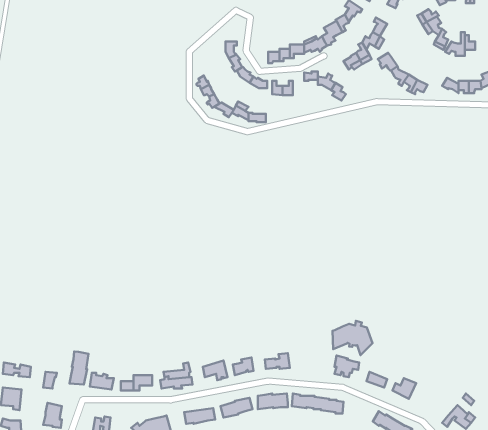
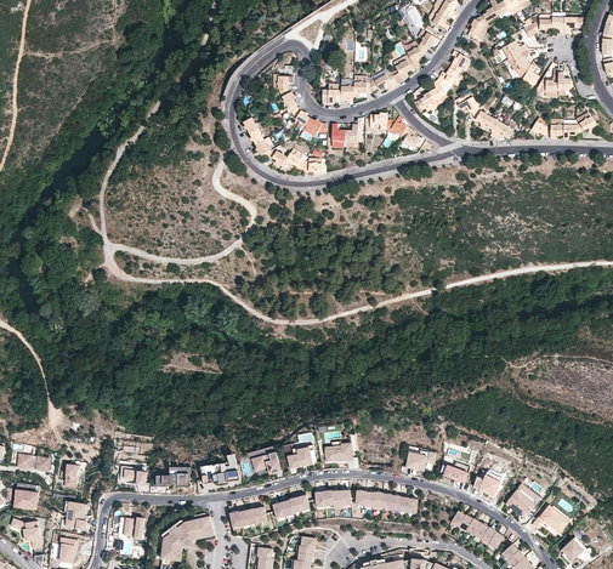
building: [332,321,372,355] -> none
building: [69,351,88,385] -> none
building: none -> [507,484,539,518]

